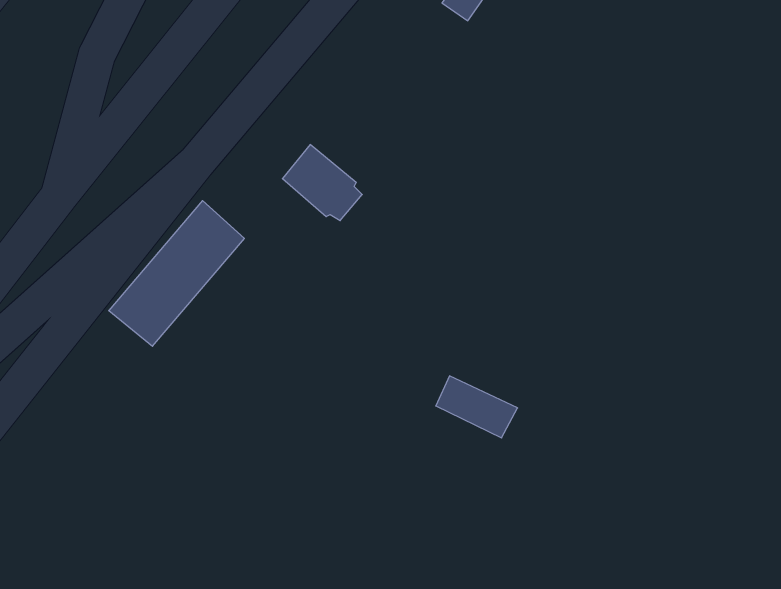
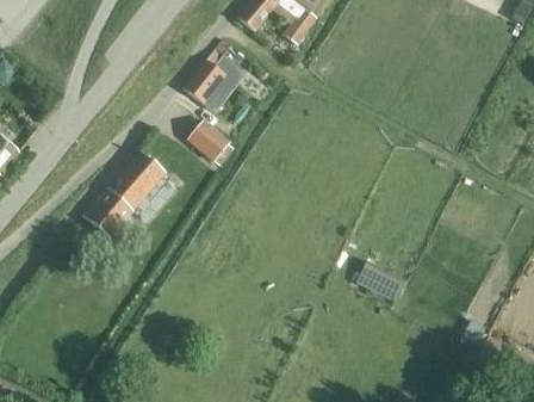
building: none -> [184,39,242,107]
building: [436,376,518,438] -> [356,265,405,302]

